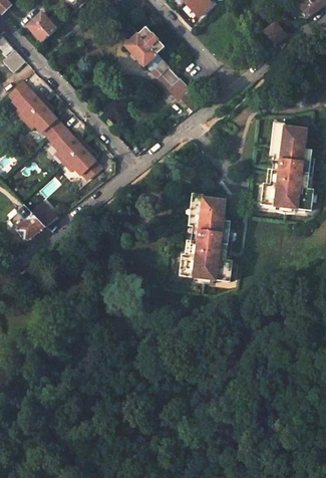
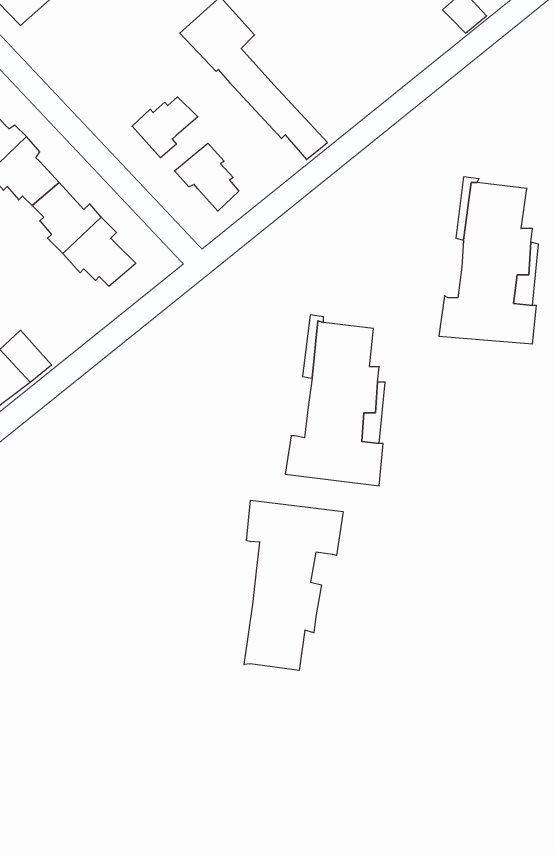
building: none -> [132,97,198,158]
building: none -> [174,143,239,211]
building: none -> [244,500,343,670]

